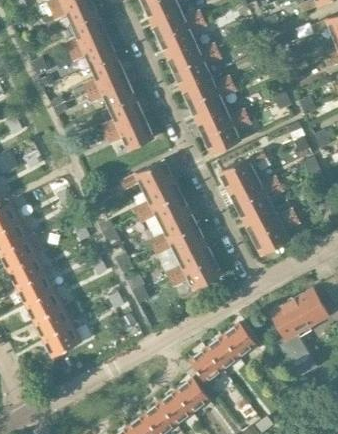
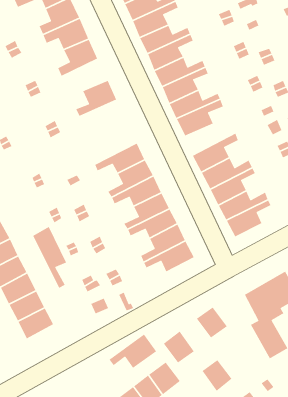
building: [88,76,135,108] -> none
building: [106,117,154,151] -> none
building: none -> [32,226,67,289]
building: [207,336,238,369] -> [201,359,232,392]
building: none -> [108,334,157,369]

